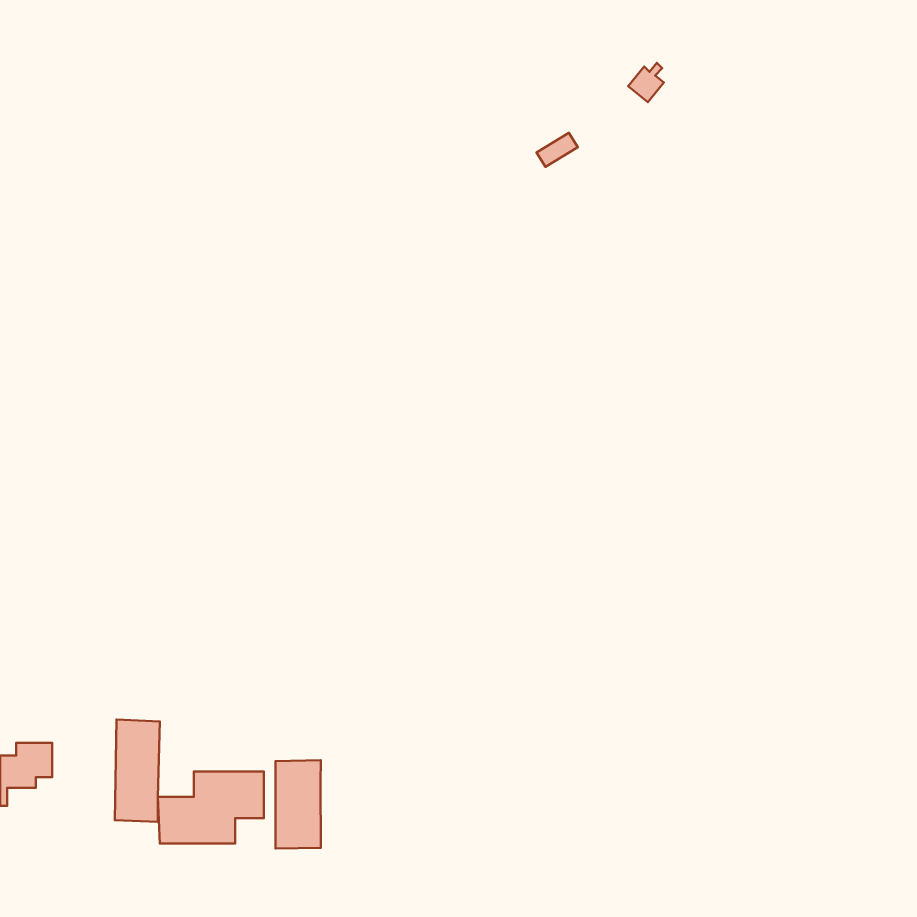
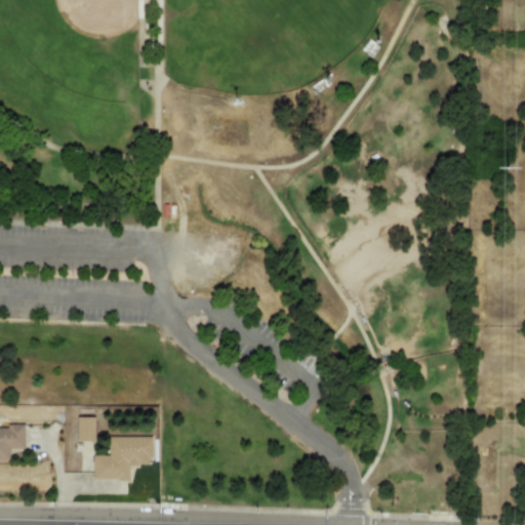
building: [275,760,321,849] -> none

